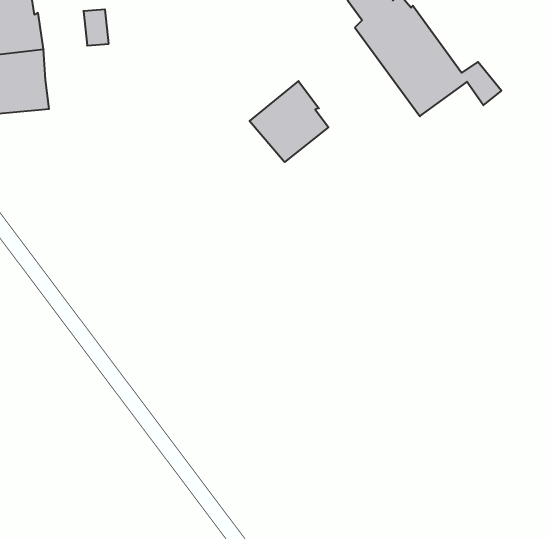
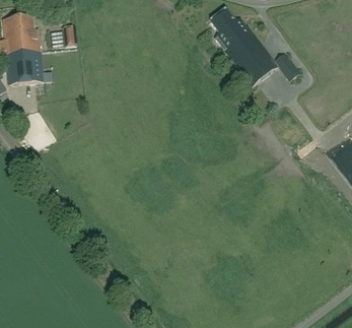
building: [250,81,328,162] -> none

